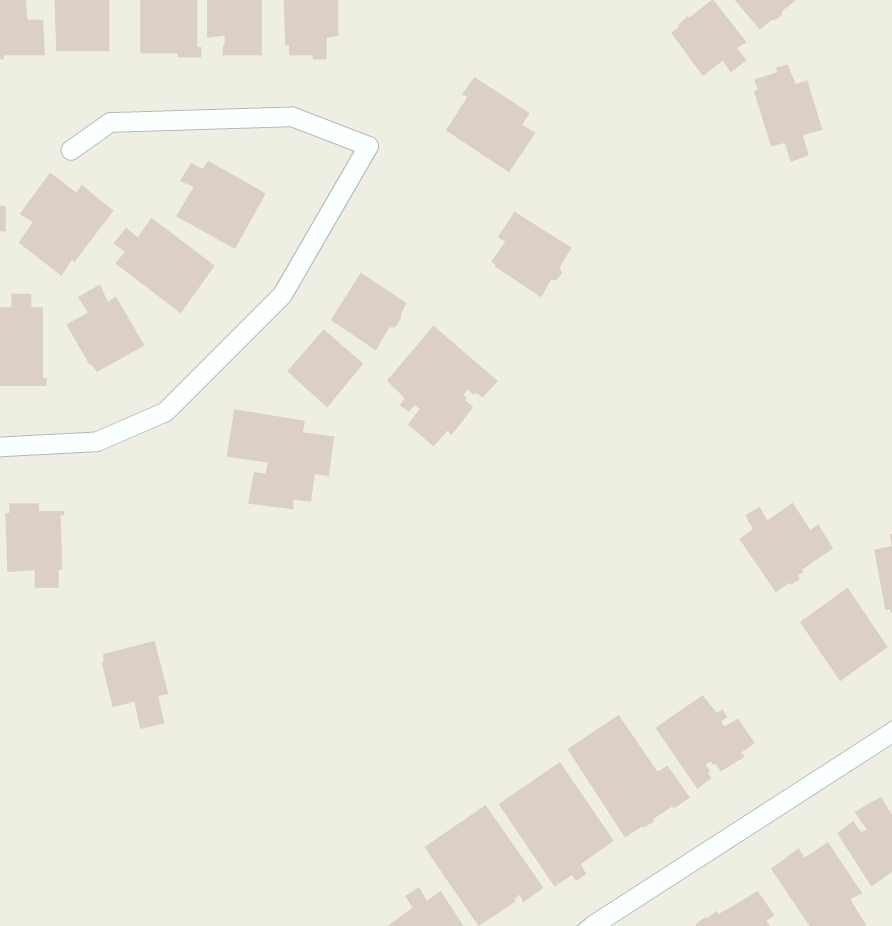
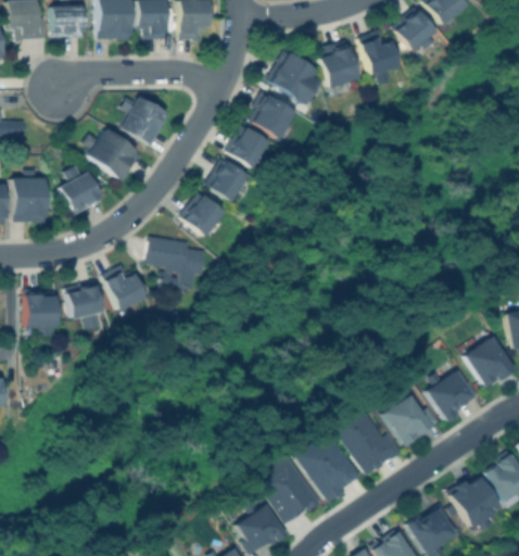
building: none -> [318,41,360,89]
building: [753,64,823,163] -> [362,30,401,86]
building: [18,172,115,277] -> none
building: [491,210,573,298] -> [252,92,298,141]
building: none -> [228,126,270,170]
building: [386,325,499,447] -> none
building: none -> [105,265,148,309]
building: [738,502,834,593] -> [428,369,481,420]
building: [101,640,169,730] -> [66,280,104,330]

